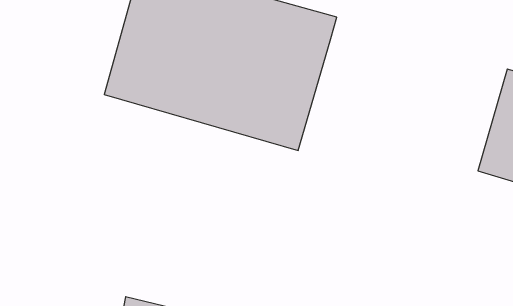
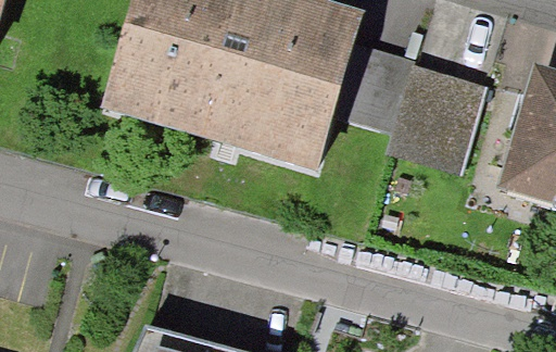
building: none -> [333,47,483,174]

